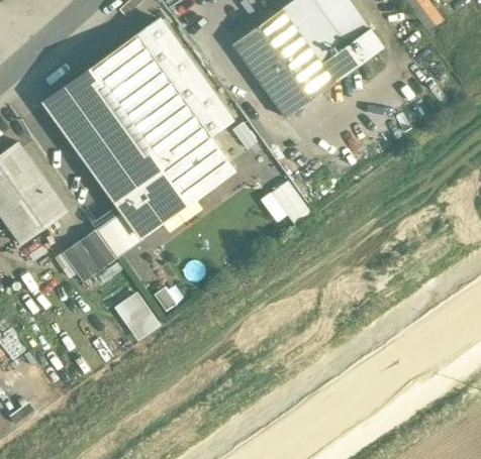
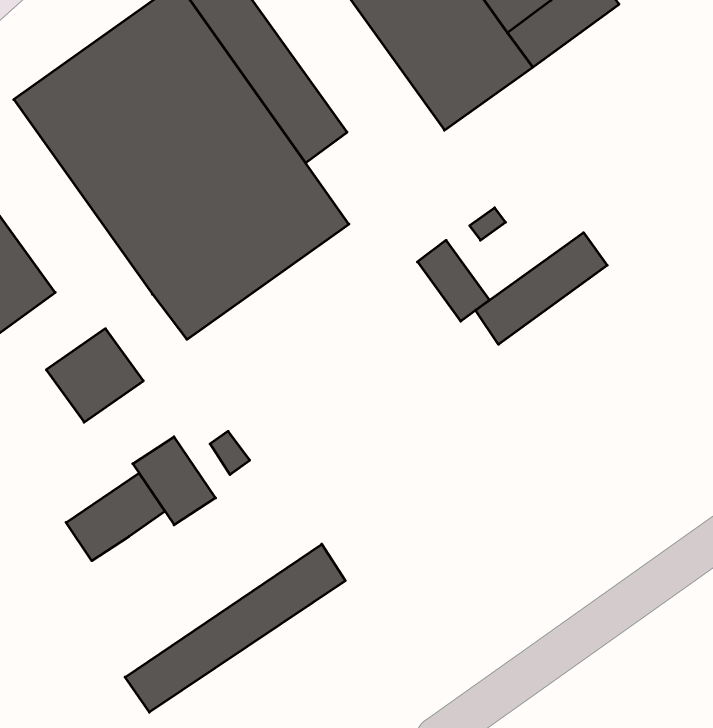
building: none -> [476,233,607,344]
building: [96,210,143,258] -> none
building: none -> [66,473,165,561]
building: none -> [125,544,345,712]

